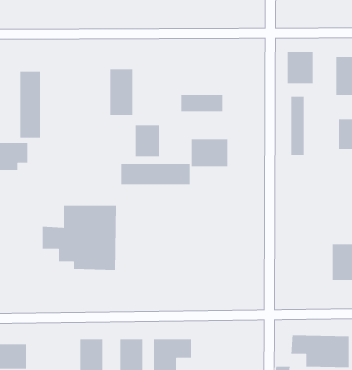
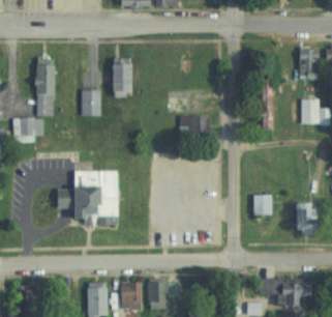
building: [287,51,313,84] -> none
building: [181,94,223,112] -> none
building: [135,125,160,157] -> [83,90,103,117]
building: [121,163,190,185] -> none
building: none -> [253,195,273,217]

